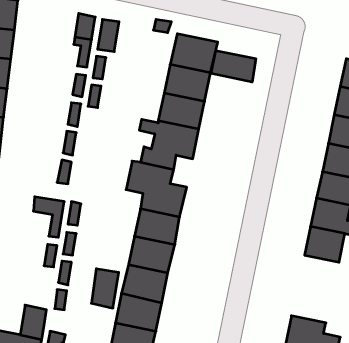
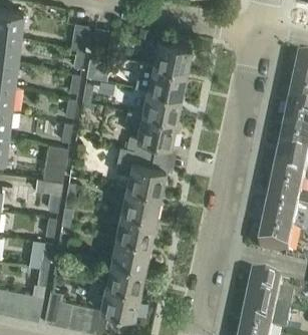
building: [211,51,256,82] -> none
building: none -> [260,227,294,257]
building: [91,269,119,308] -> [29,240,52,273]

